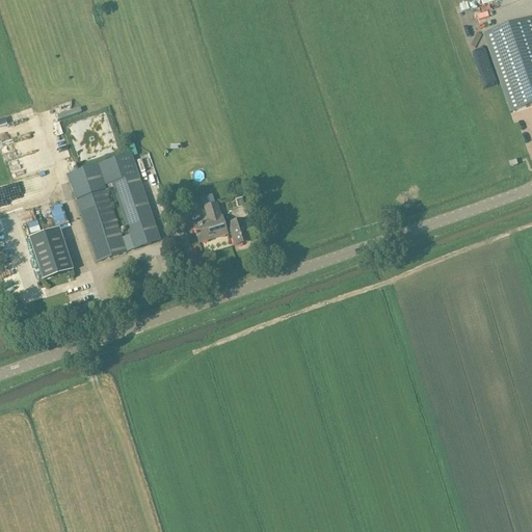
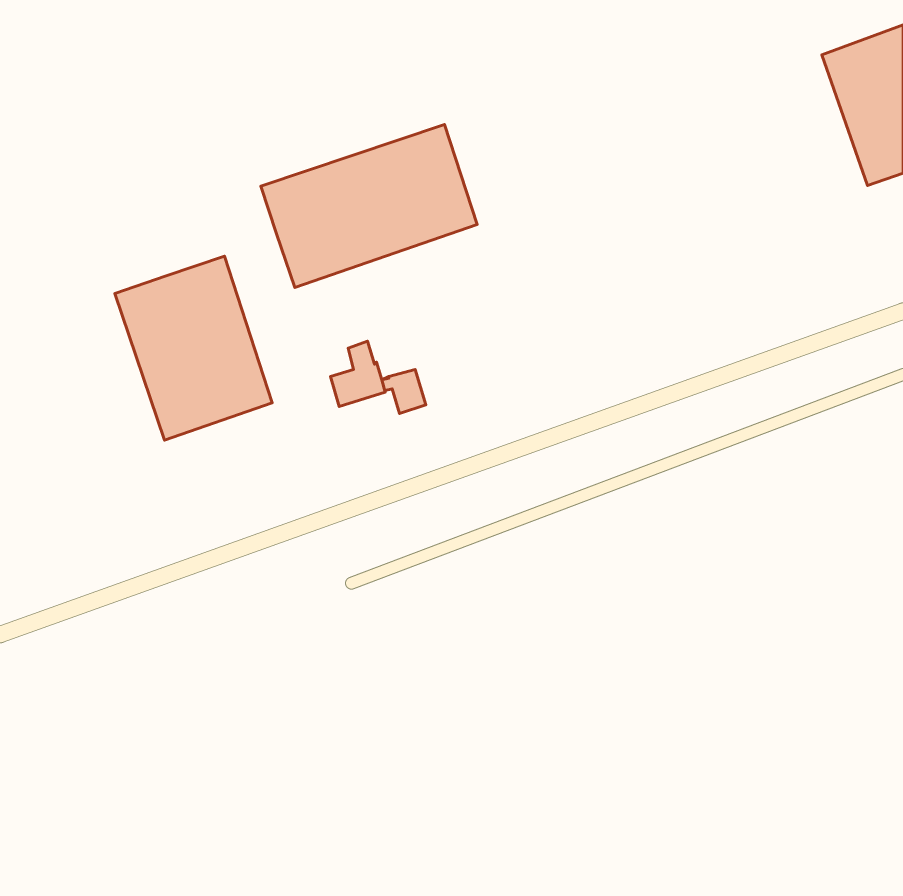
building: none -> [261,124,477,288]
building: [30,225,73,277] -> none

